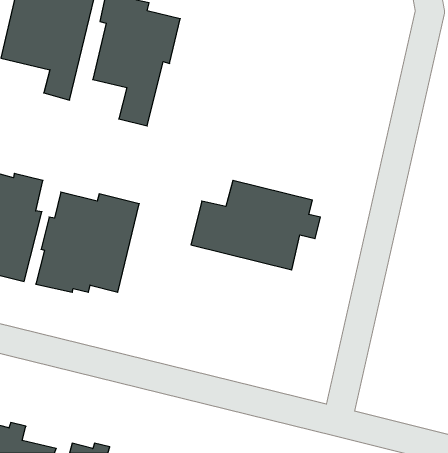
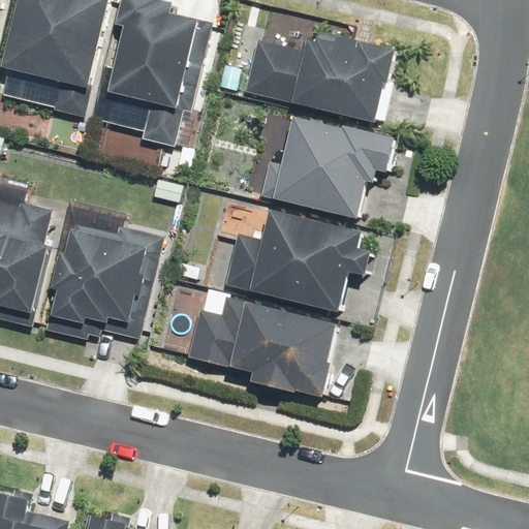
building: none -> [242,30,396,122]
building: none -> [256,116,395,219]
building: none -> [184,297,337,397]

